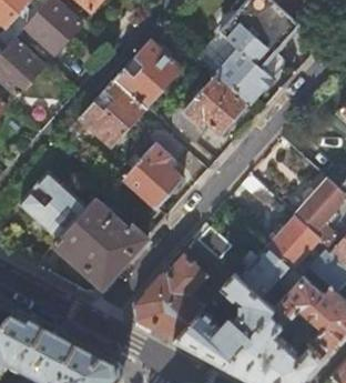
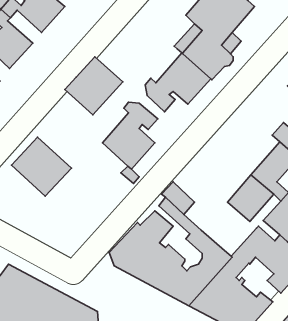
building: [115,40,182,108] -> none
building: [55,199,147,288] -> none
building: [237,245,293,301] -> none

